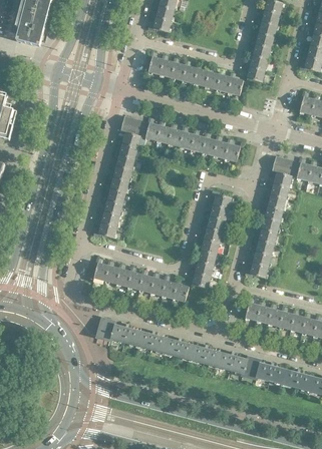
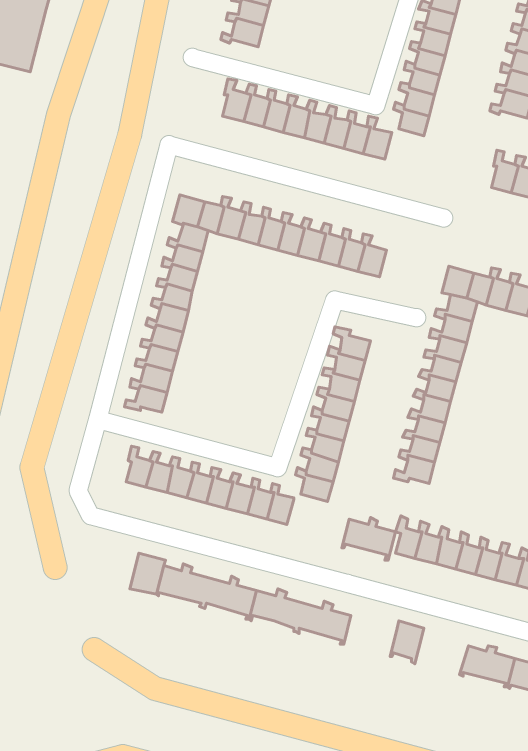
building: [217,351,247,375] -> [342,517,395,560]
building: [257,362,287,385] -> none

